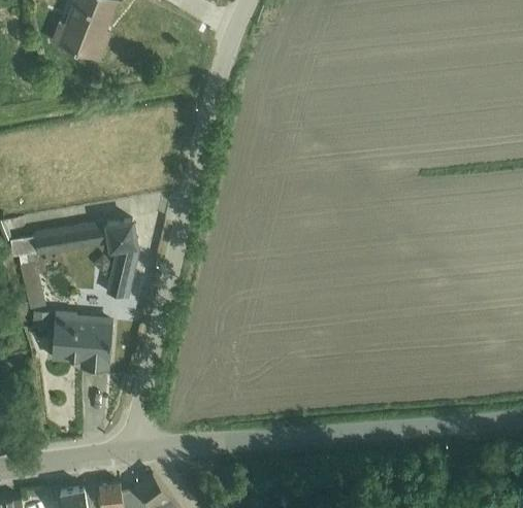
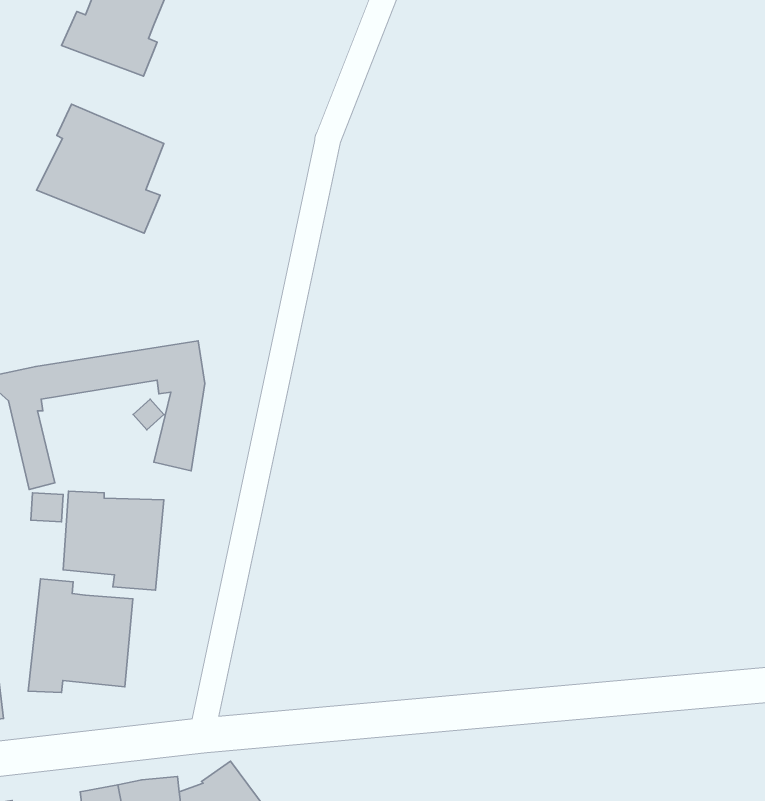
building: none -> [37,104,164,233]
building: none -> [28,579,133,692]

